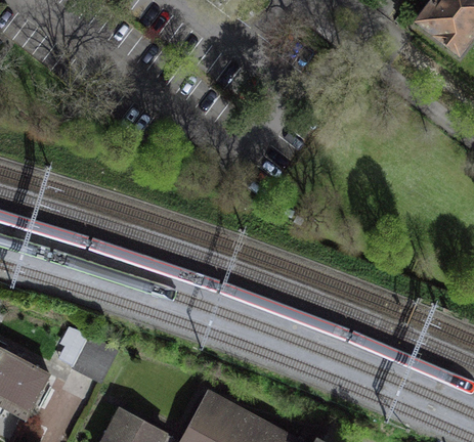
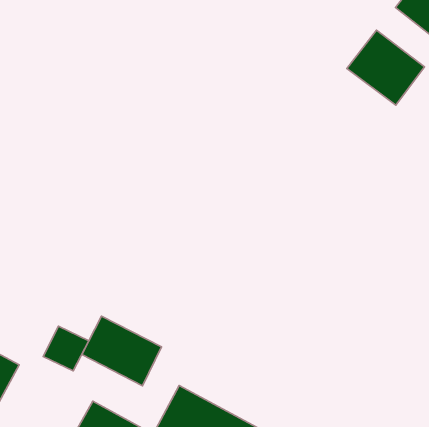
building: none -> [347,30,424,105]
building: none -> [82,316,162,386]

